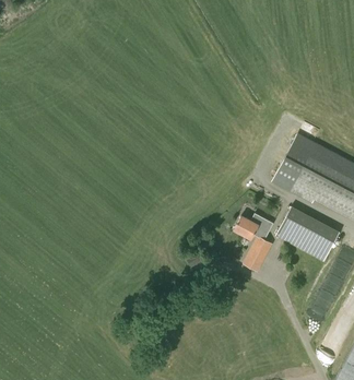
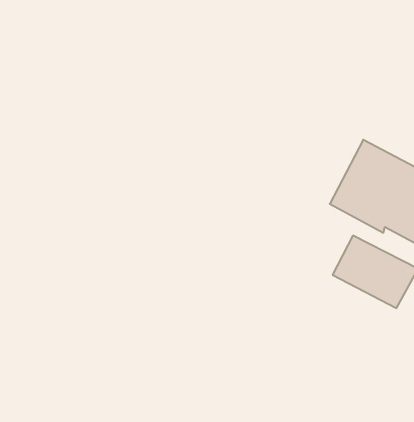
building: [233,216,271,271] -> none

